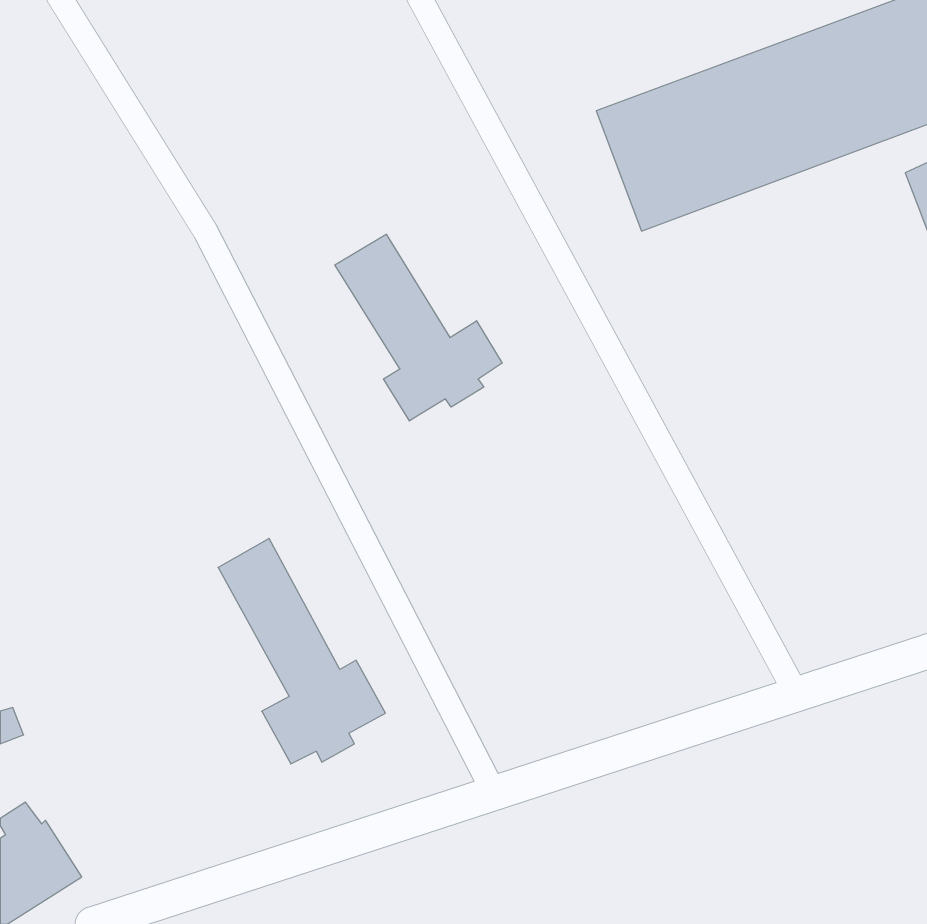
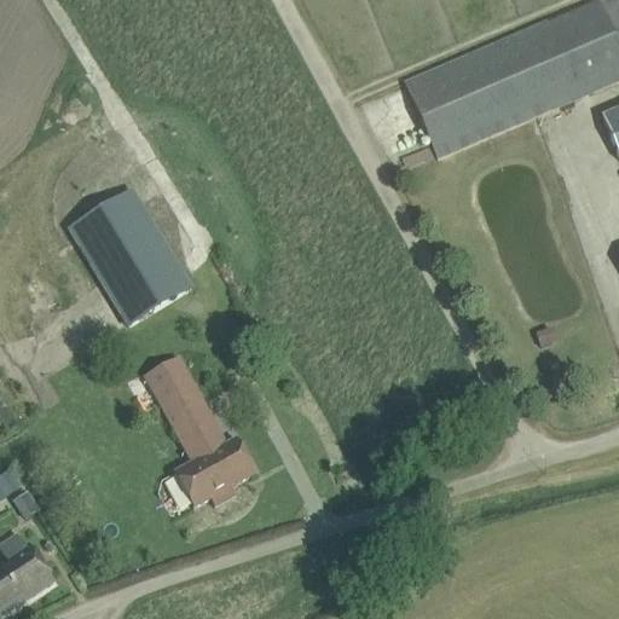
building: [335,234,502,421] -> none
building: none -> [71,190,192,324]

